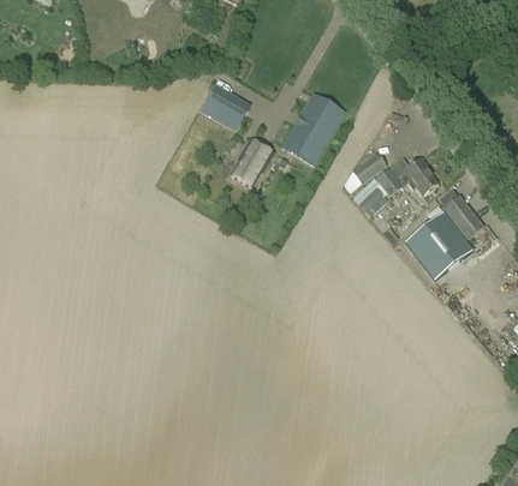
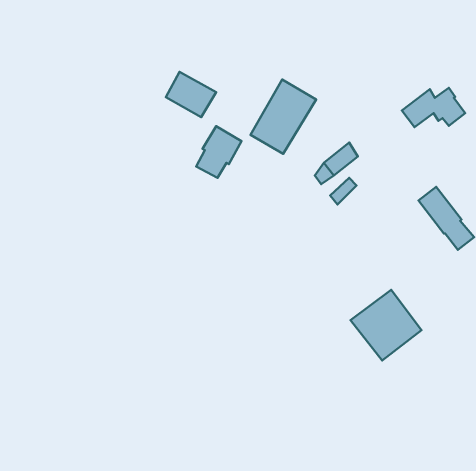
building: [377,158,437,196] -> [402,88,465,127]
building: [403,210,470,277] -> [351,290,421,360]

